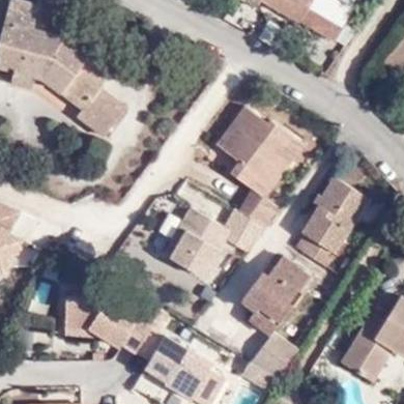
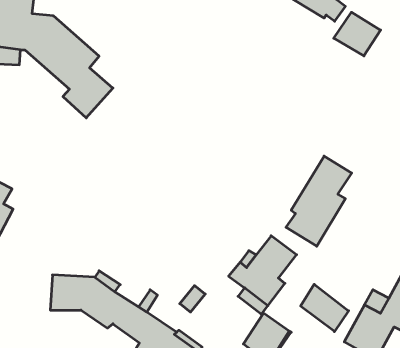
building: none -> [334,12,381,56]
building: [168,100,306,276] -> none
building: none -> [301,284,349,332]

